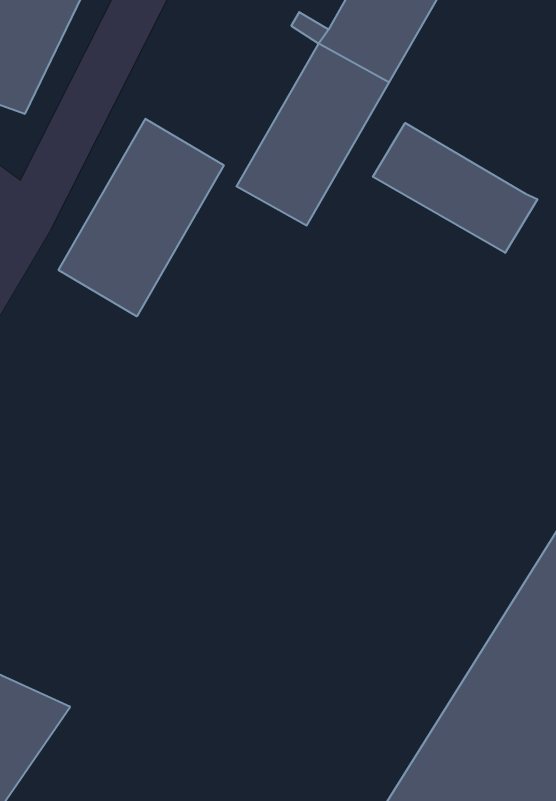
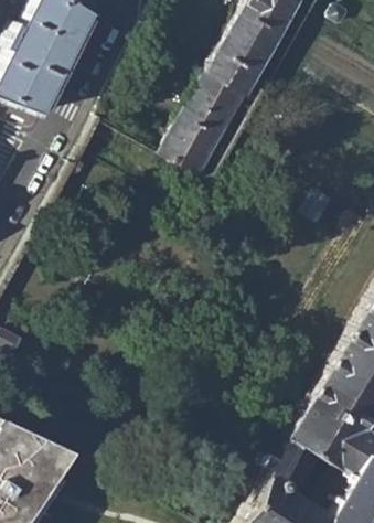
building: [59,119,224,316] -> none
building: [373,123,537,253] -> none

